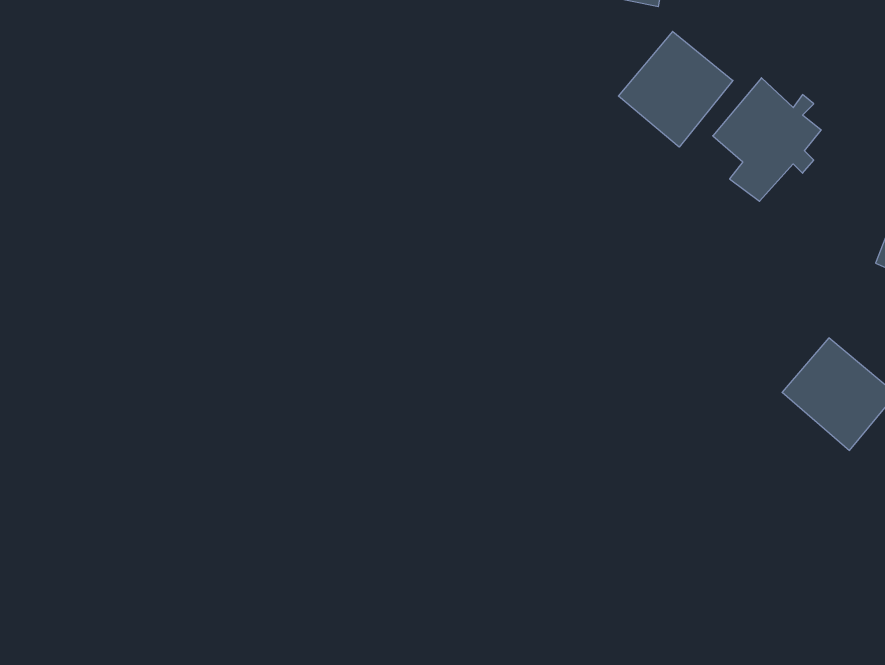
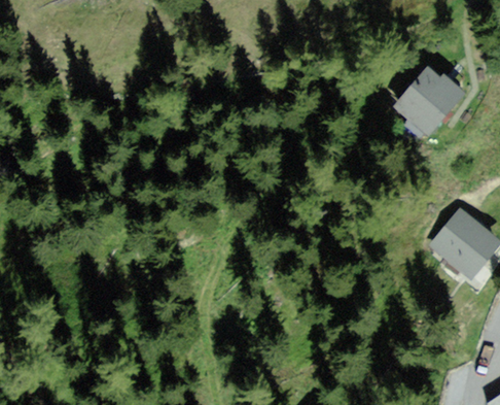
building: [618,31,733,147] -> none

